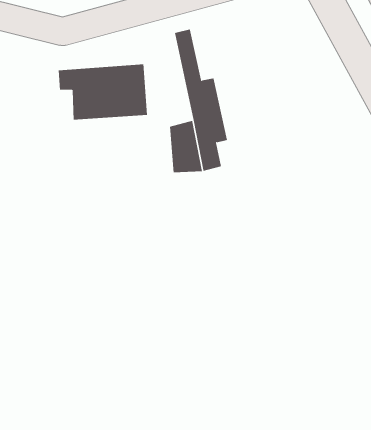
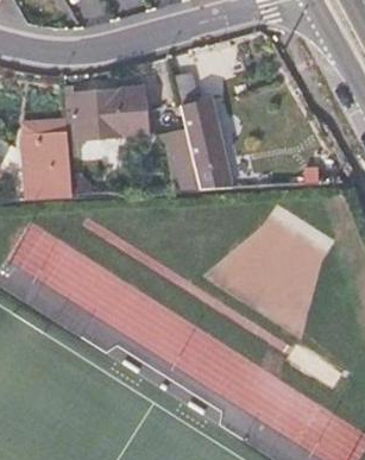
building: none -> [31,130,71,197]

